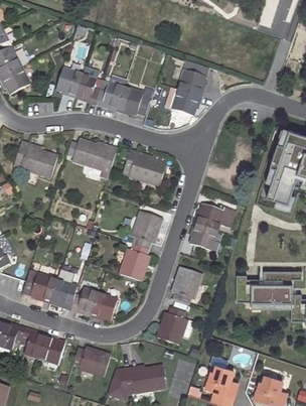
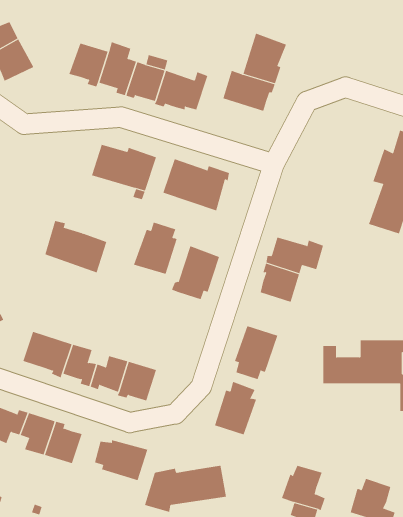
building: [13,141,57,178] -> [44,220,107,273]
building: [118,244,149,281] -> [133,222,178,275]

